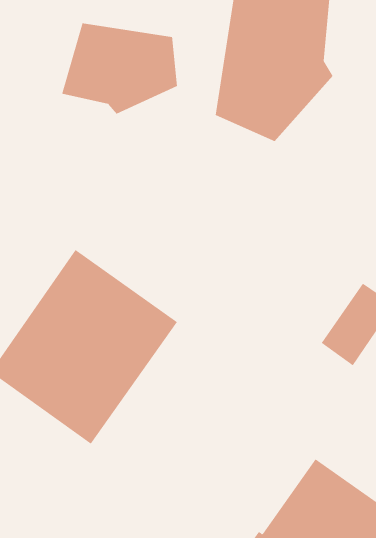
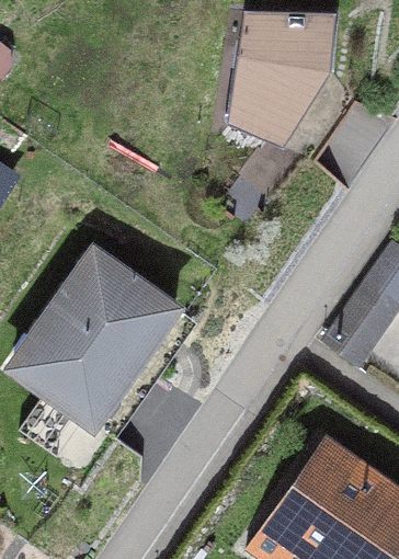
building: [62,22,178,115] -> none

